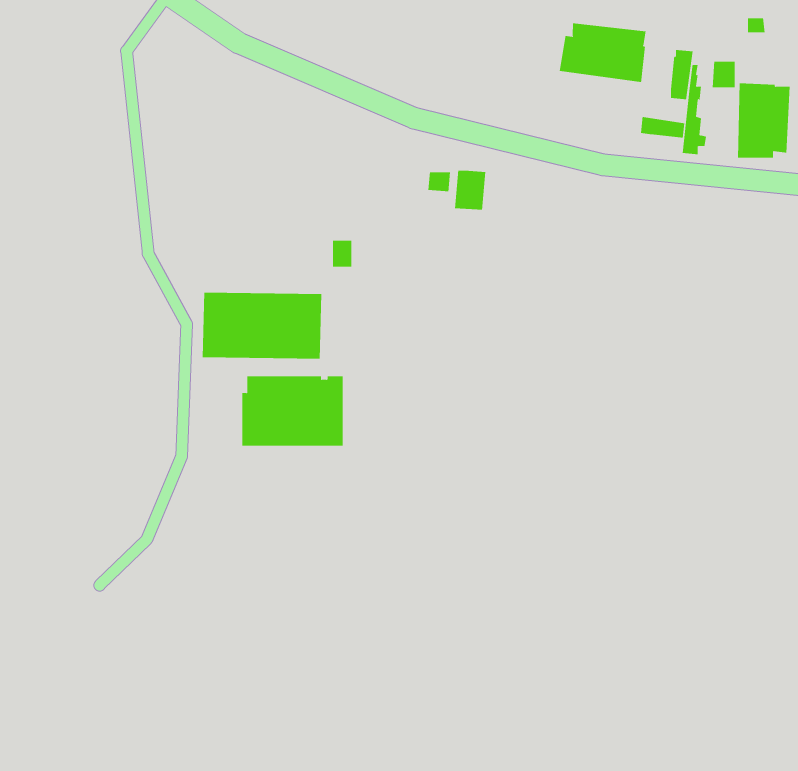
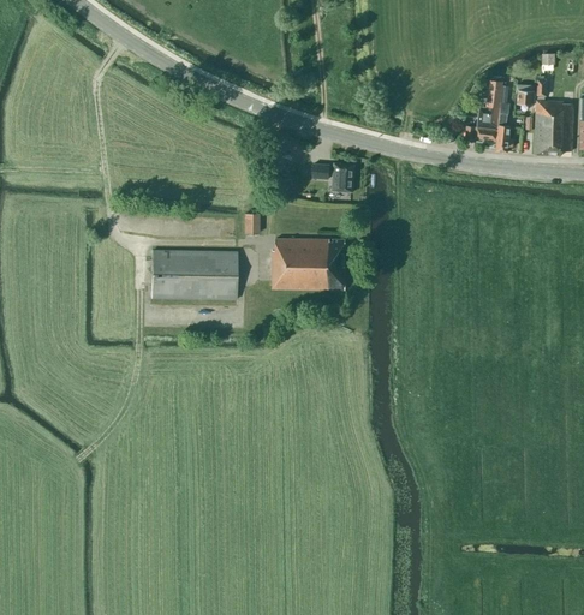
building: [559,23,646,83] -> none
building: [241,376,344,446] -> [272,238,345,288]

